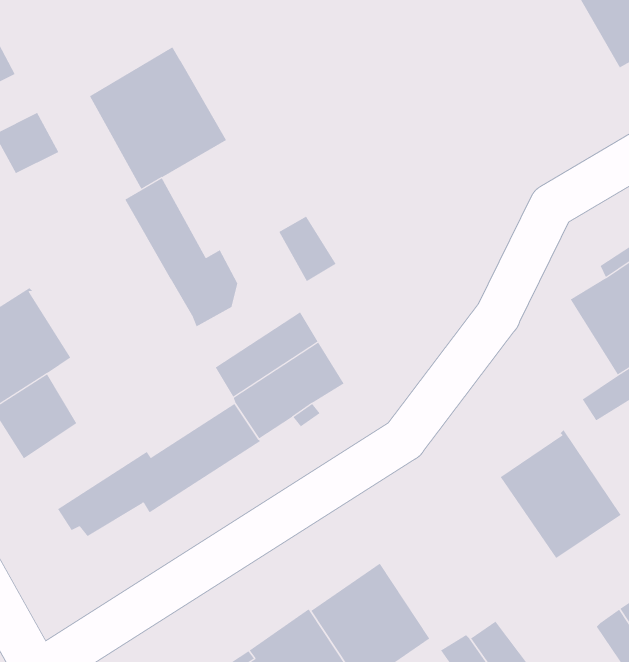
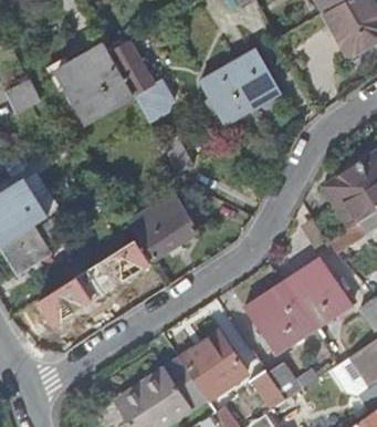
building: none -> [202,52,280,123]
building: [124,178,238,327] -> [107,40,170,123]
building: none -> [245,283,315,354]

